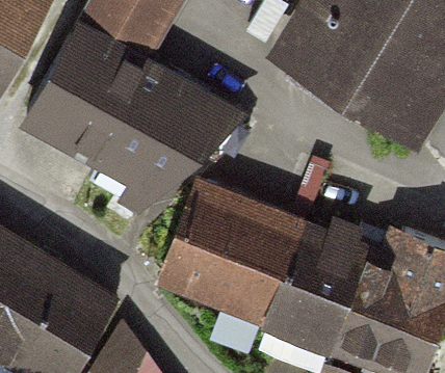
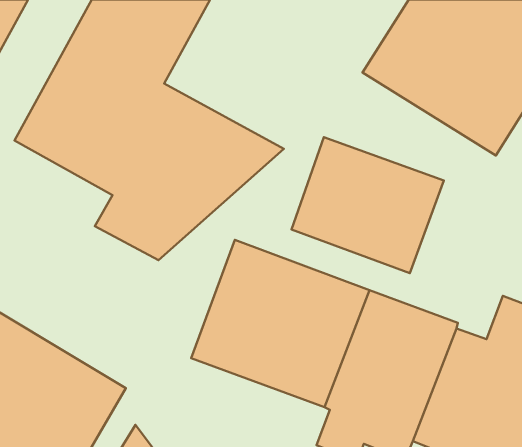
building: none -> [291,137,444,273]

